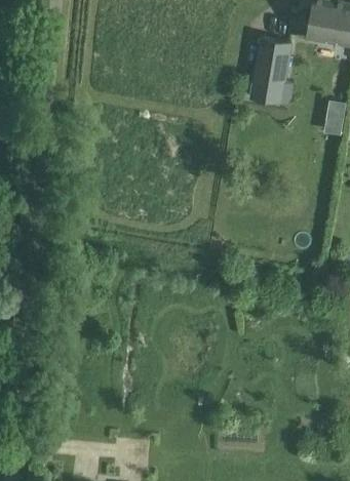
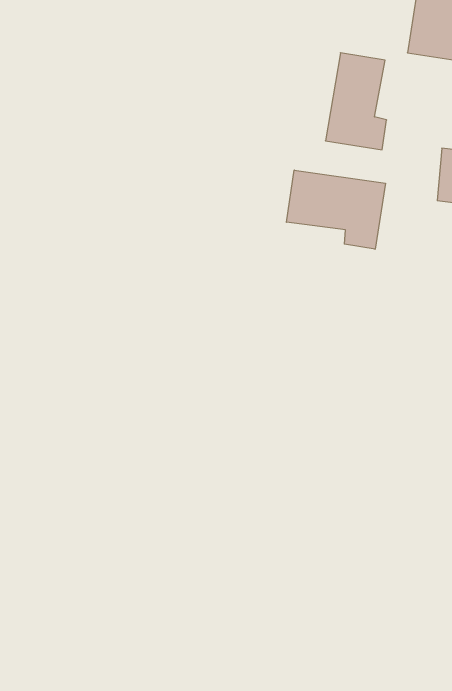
building: none -> [286,170,385,249]

